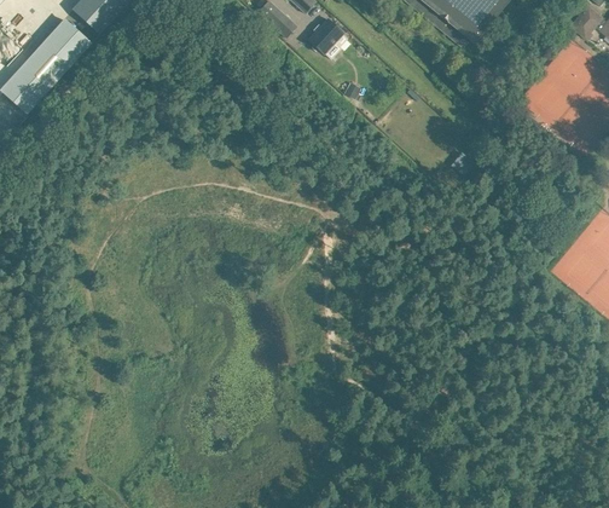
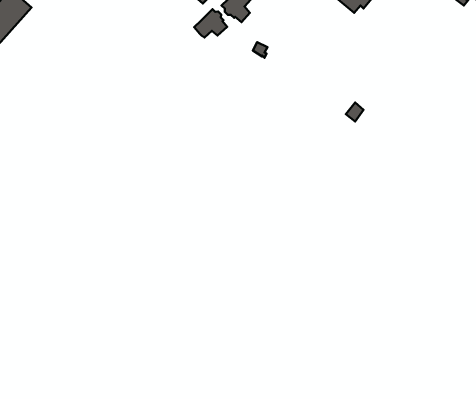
building: none -> [194,9,227,37]

